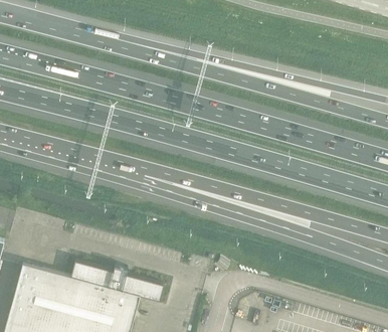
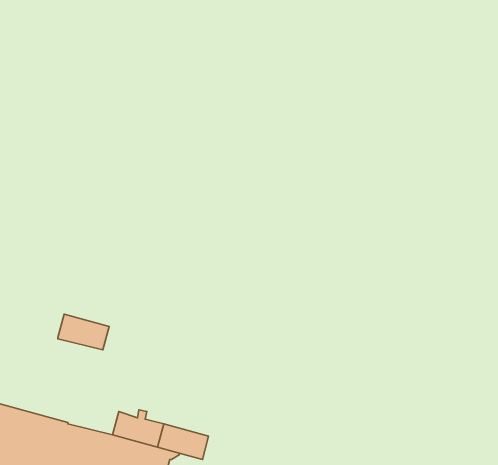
building: [70,263,104,286] -> [58,314,109,350]

